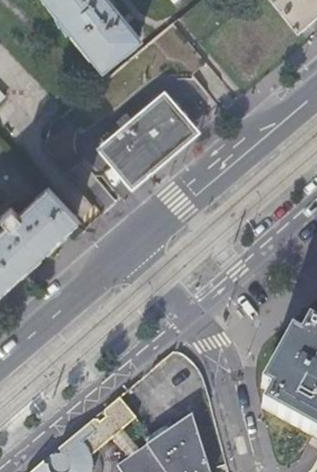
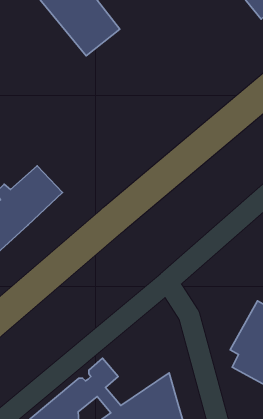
building: [96,90,200,189] -> none

